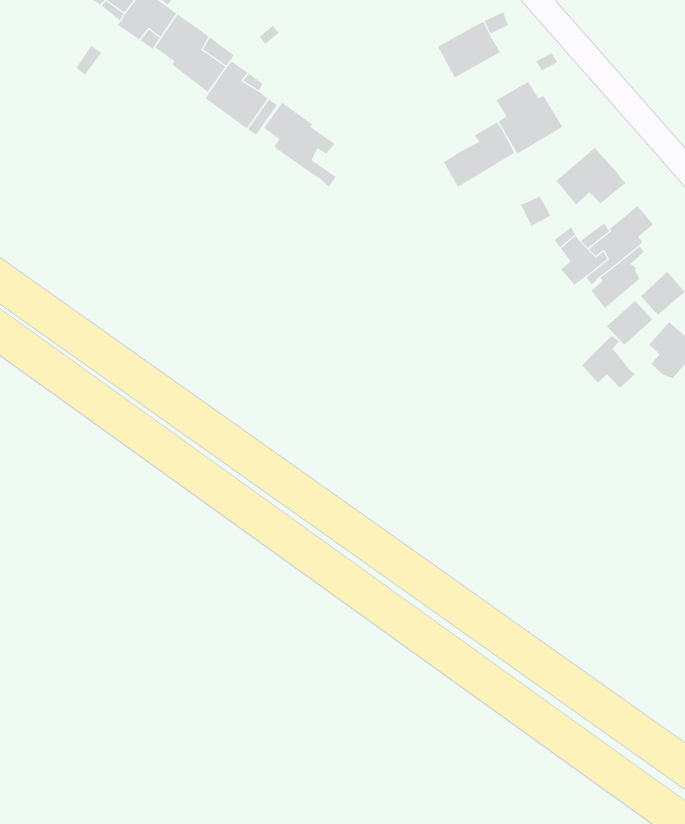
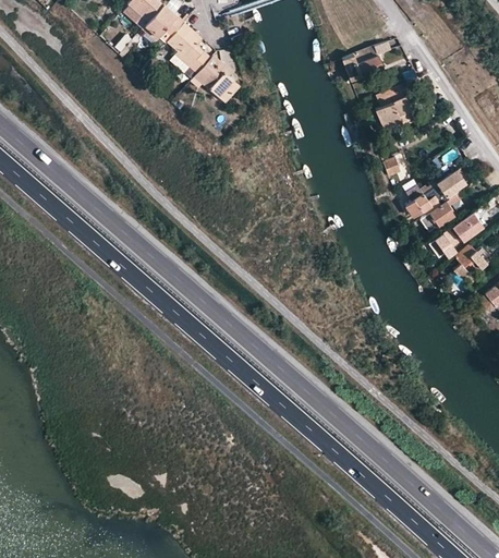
building: [263,102,337,188] -> none
building: [443,121,515,188] -> none
building: [556,147,626,205] -> none
building: [582,335,636,388] -> none

